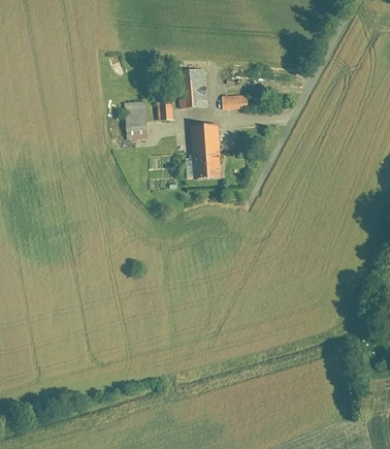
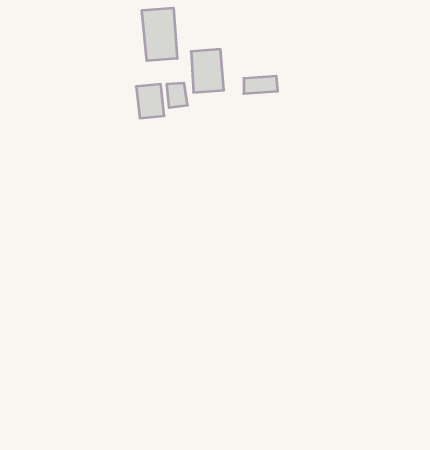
building: none -> [142,8,177,61]
building: [194,128,217,180] -> none

